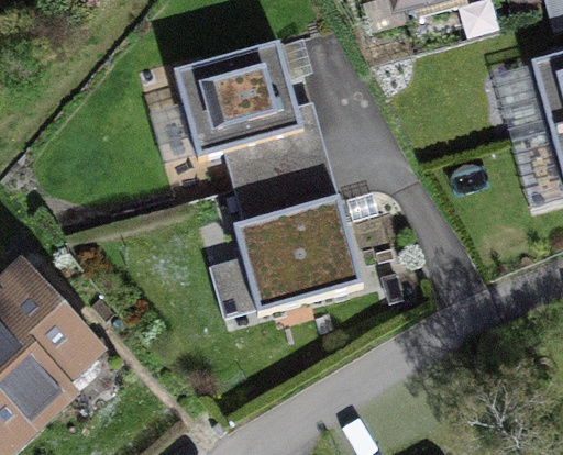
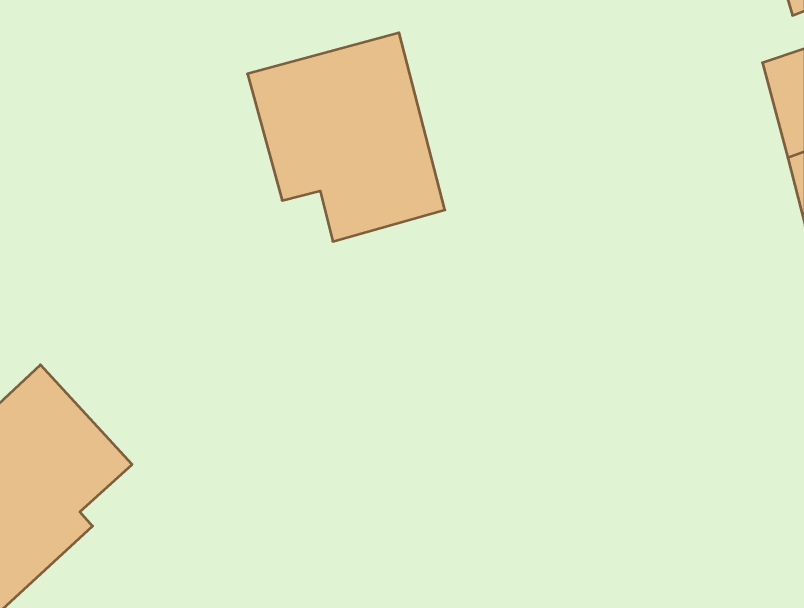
building: [233,163,363,311] -> none

